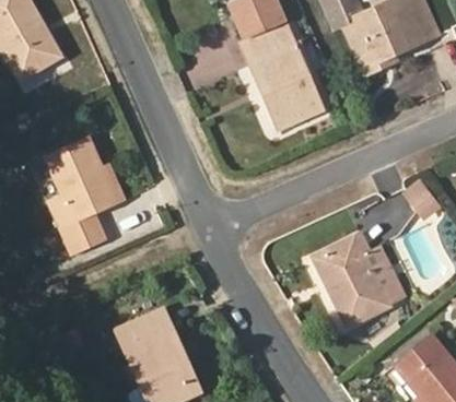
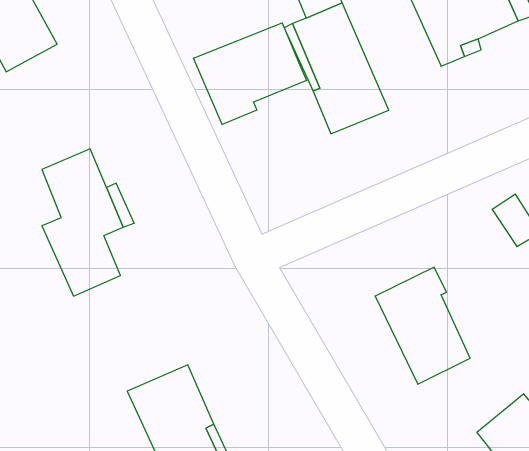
building: none -> [194,23,306,125]
building: [365,245,408,305] -> none

